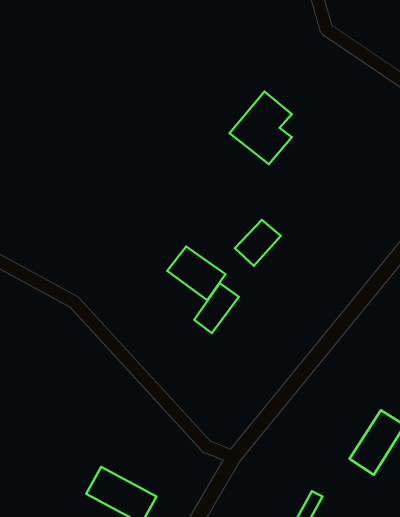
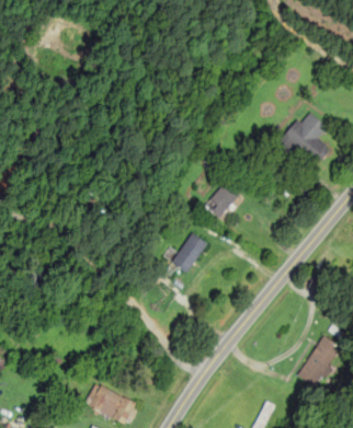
building: [230,91,292,164] -> [280,109,330,169]
building: [167,247,226,300] -> none

